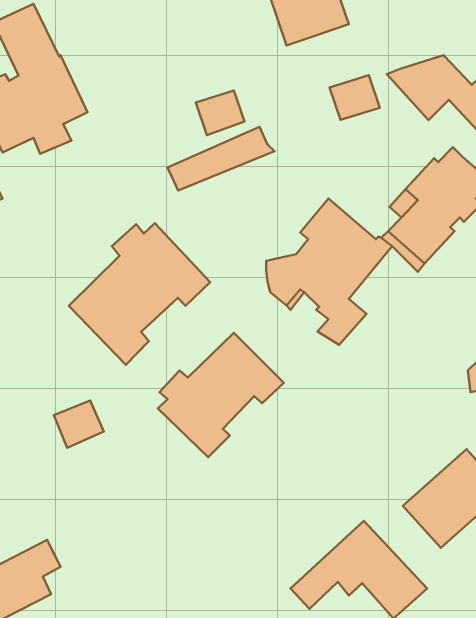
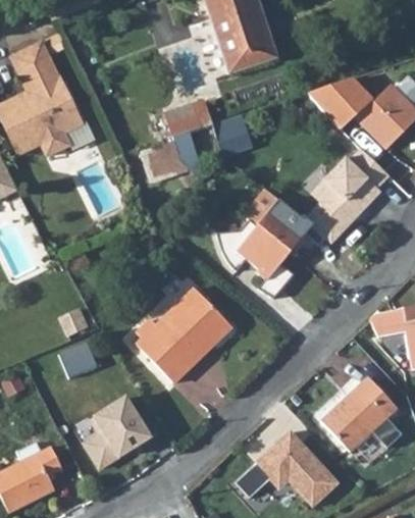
building: [330,75,380,120] -> [217,117,255,151]
building: [69,223,210,365] -> none
building: none -> [83,393,155,471]

